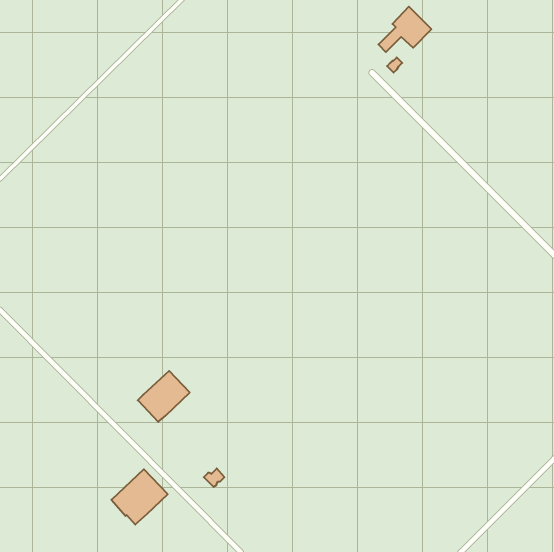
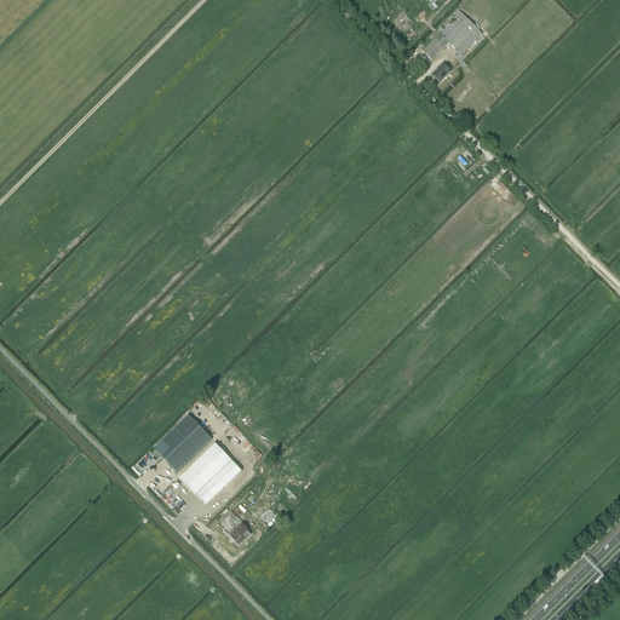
building: [111,469,168,525] -> [179,442,242,504]

